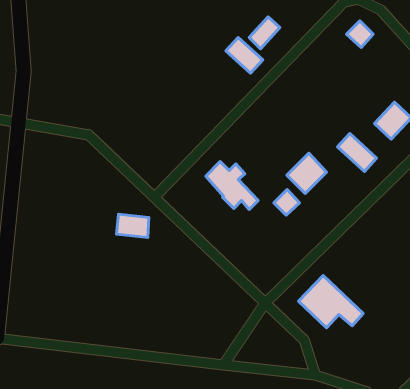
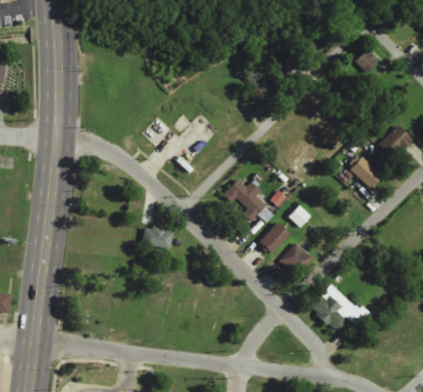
building: [249,17,280,49] -> none
building: [287,153,326,194] -> none
building: none -> [259,222,290,253]
building: none -> [279,242,313,276]

